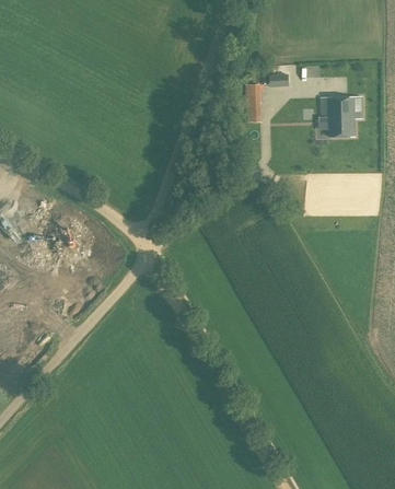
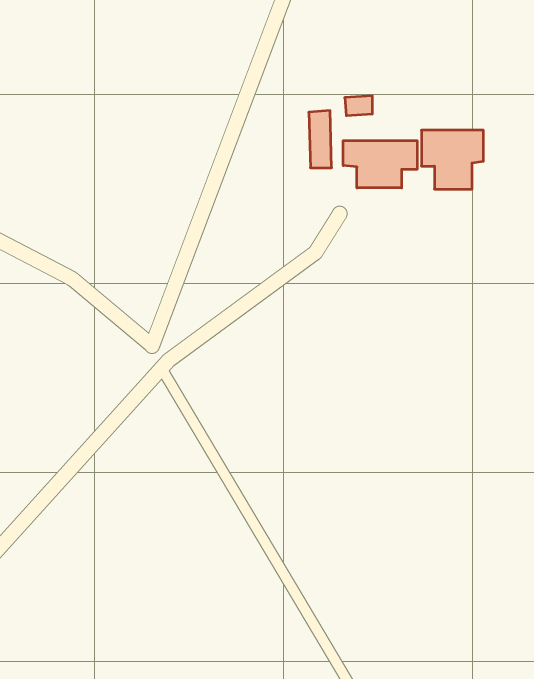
building: none -> [343,141,417,188]

